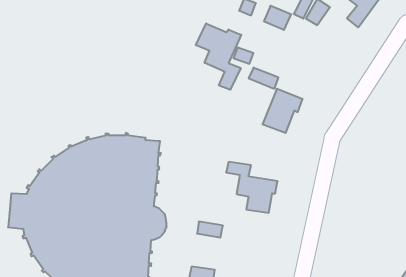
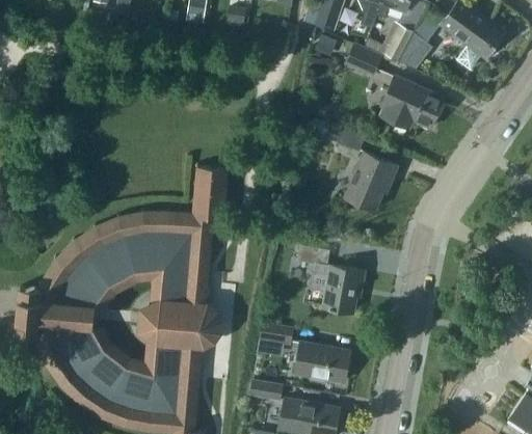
building: [196,23,241,90] -> none
building: none -> [376,77,443,132]
building: none -> [191,163,230,223]
building: none -> [295,343,349,381]

